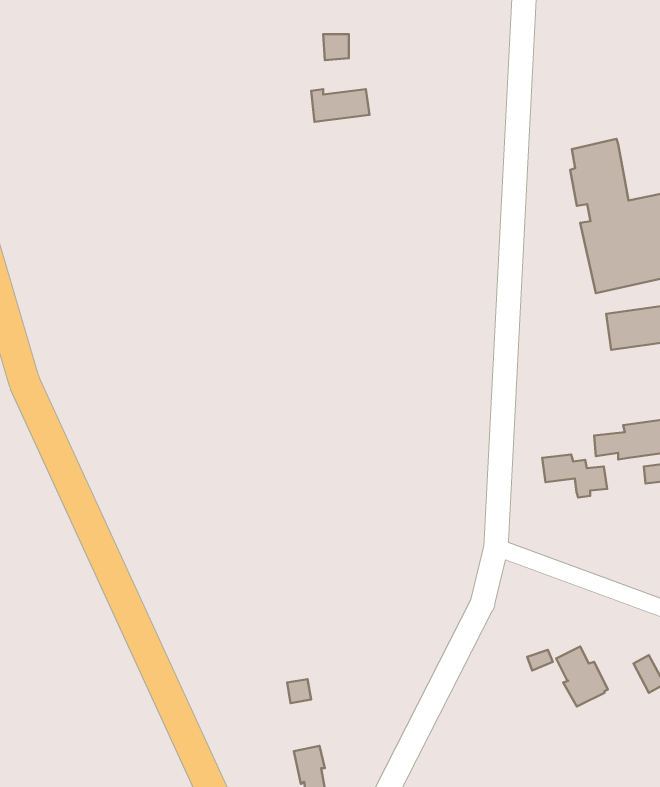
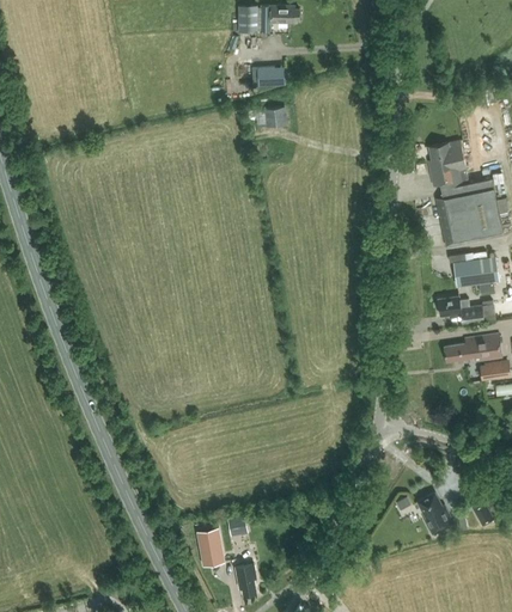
building: [542,455,607,497] -> [438,296,483,326]
building: none -> [196,527,224,565]

